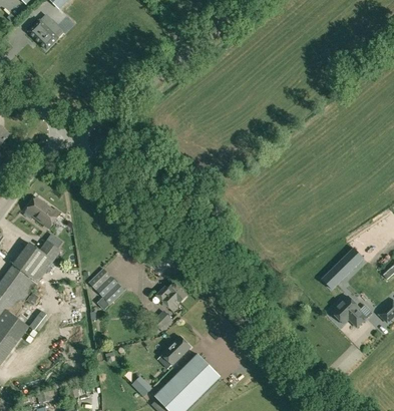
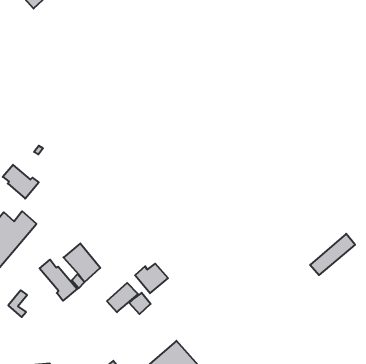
building: none -> [40,260,77,301]
building: [331,296,366,327] -> none
building: [161,336,190,364] -> [107,283,138,312]

